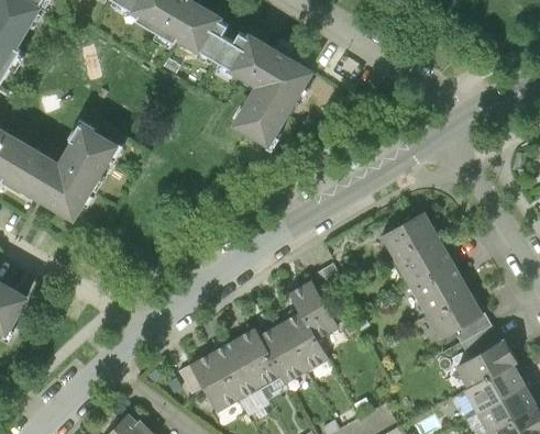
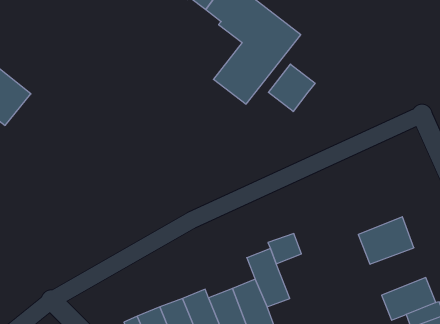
building: none -> [268,64,315,112]
building: [37,123,118,220] -> none
building: [384,211,437,257] -> none
building: [411,263,467,313] -> none

